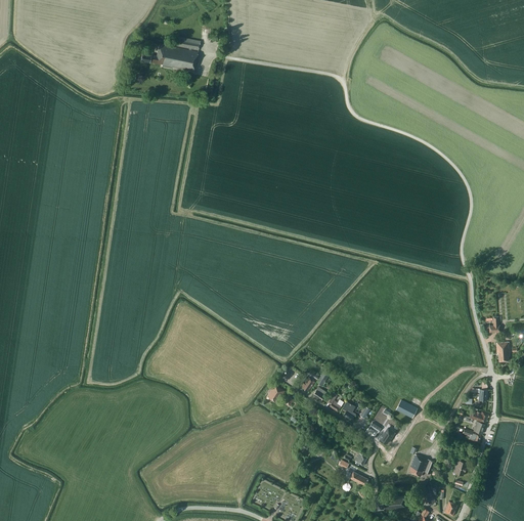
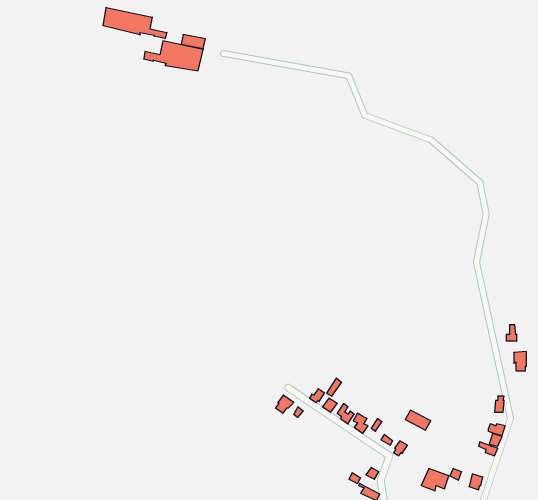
building: none -> [103,7,167,39]

